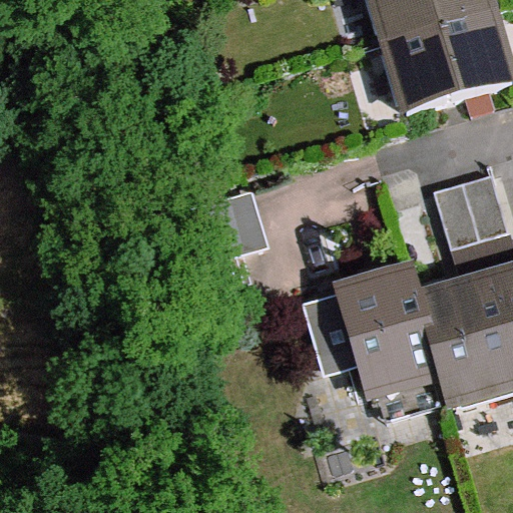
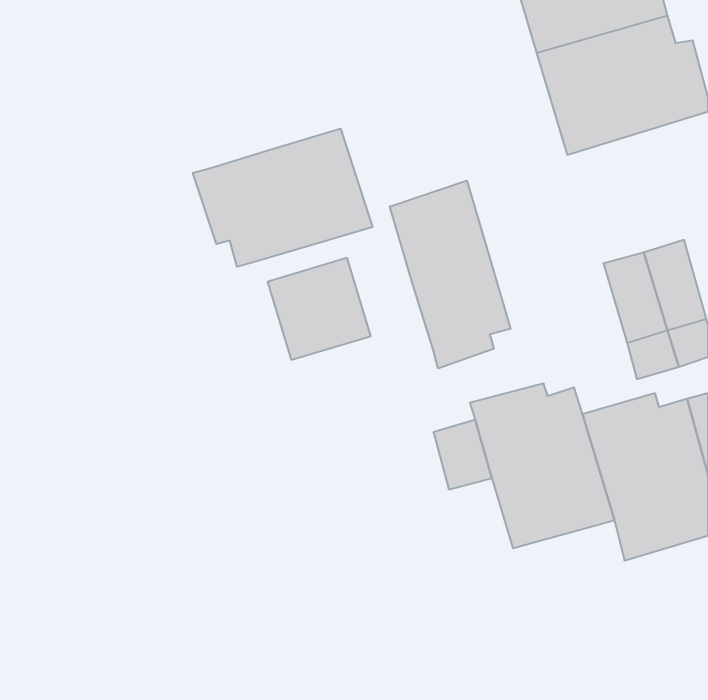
building: none -> [193,129,373,267]
building: none -> [390,181,510,368]

